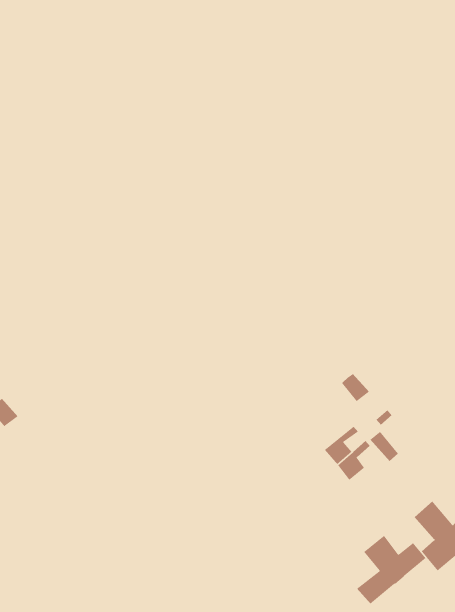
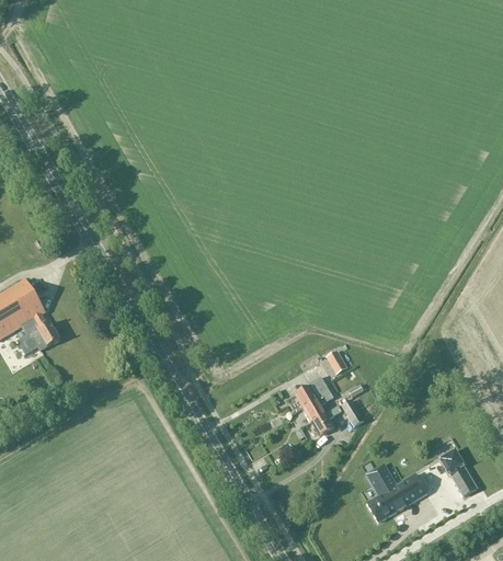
building: none -> [295,376,330,408]
building: [356,535,426,605] -> none

